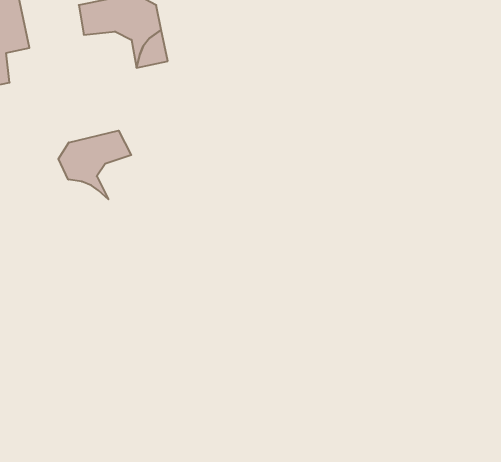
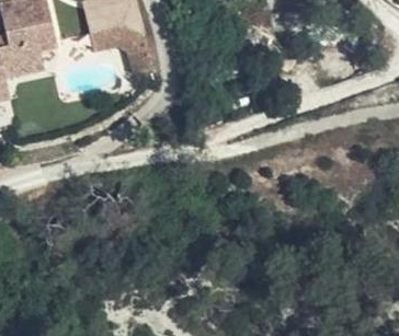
building: [58,131,131,199] -> none

